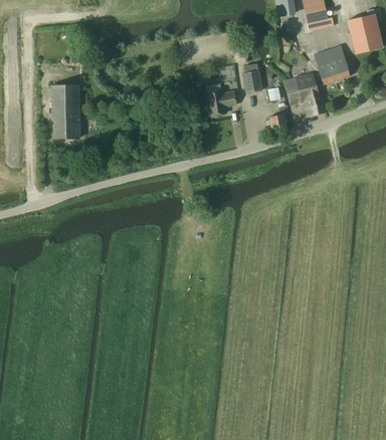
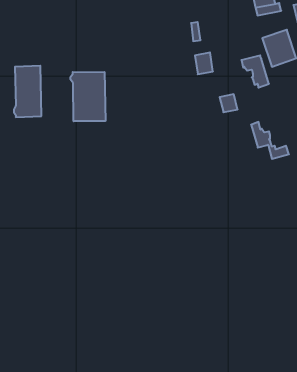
building: [283,77,324,117] -> [251,122,289,159]
building: [205,88,235,115] -> none
building: none -> [71,72,105,121]

